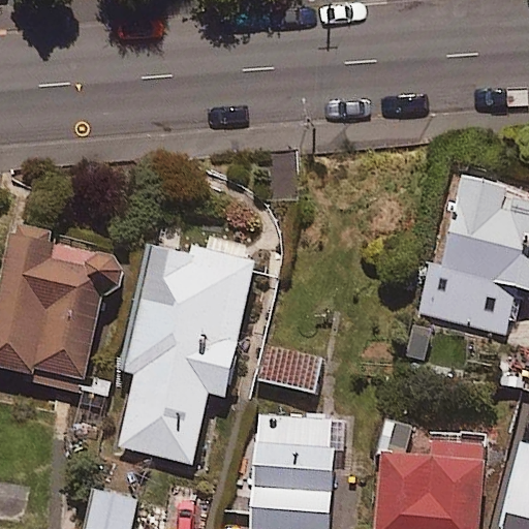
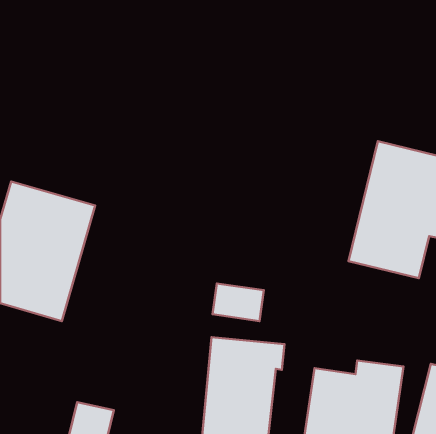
building: [116,240,254,465] -> none

